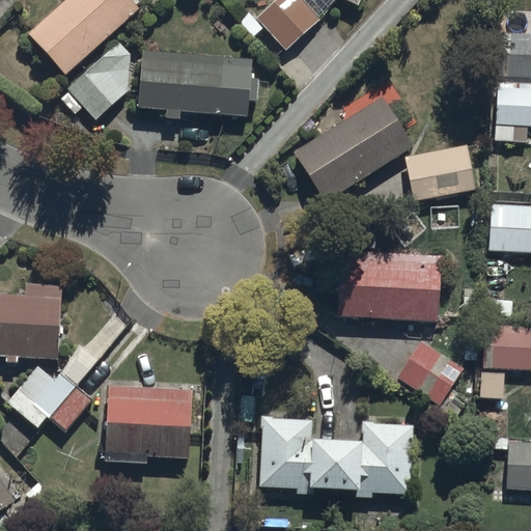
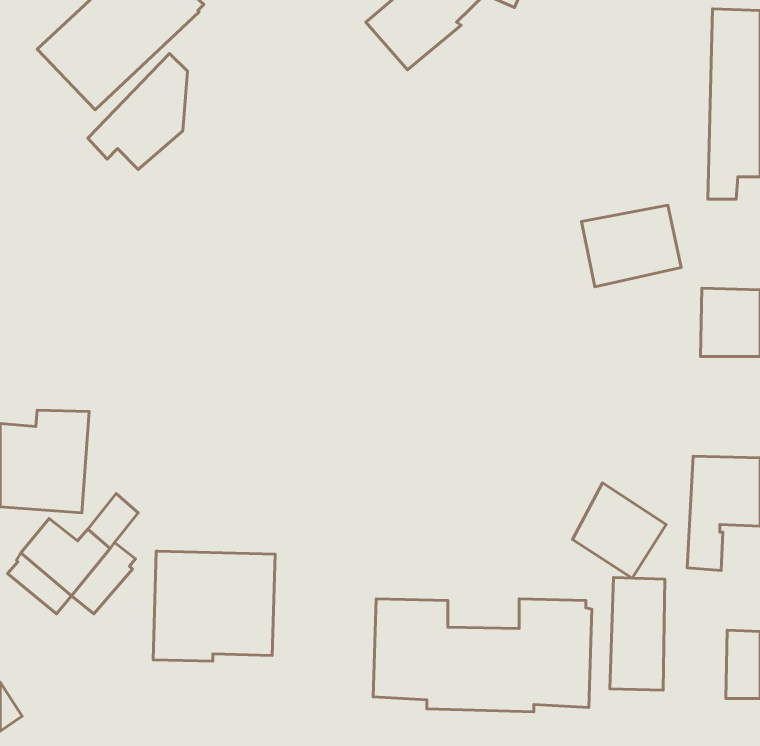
building: [138,52,259,119] -> none
building: [294,97,415,204] -> none
building: [338,253,442,331] -> none
building: none -> [610,577,665,690]

